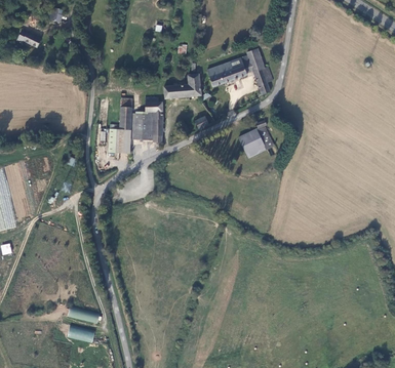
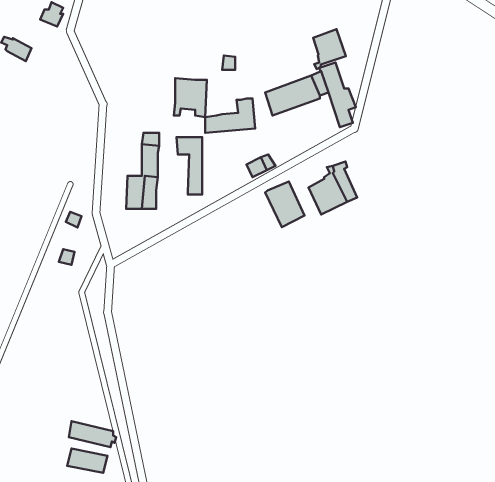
building: none -> [313,29,346,69]
building: [128,113,152,140] -> [174,78,207,117]
building: none -> [265,181,304,227]

